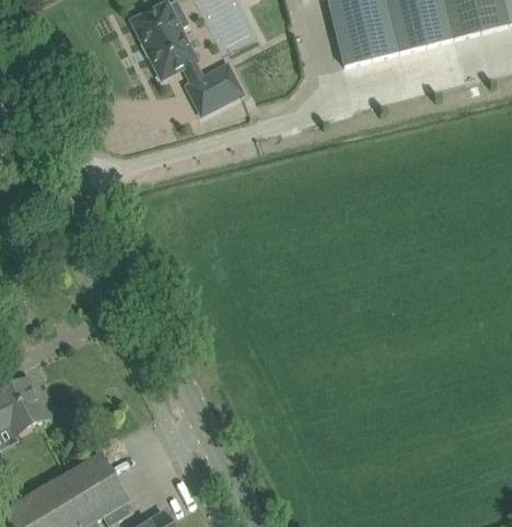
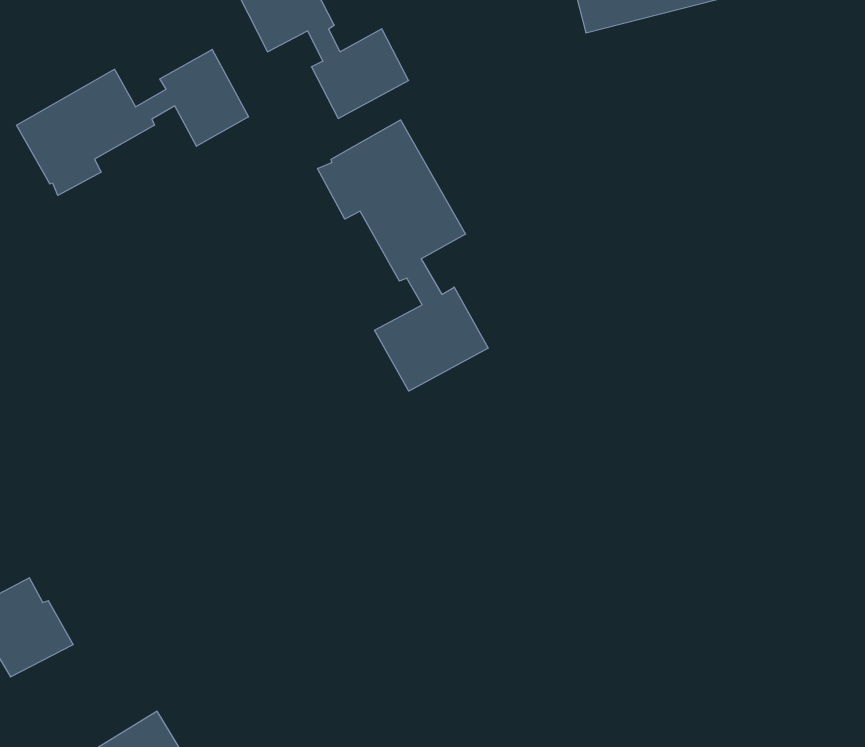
building: none -> [17,49,249,195]
building: none -> [318,120,488,391]

